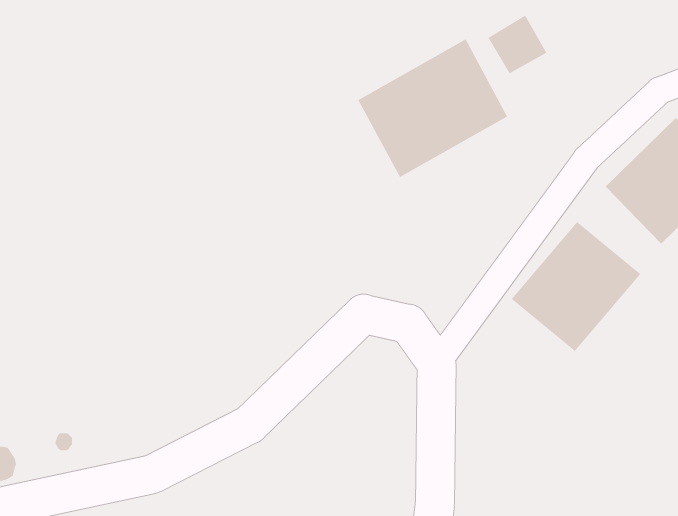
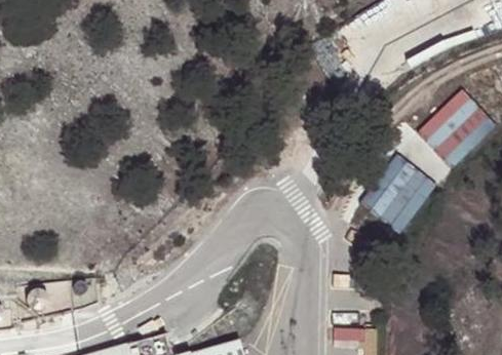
building: [358,38,508,178] -> none

